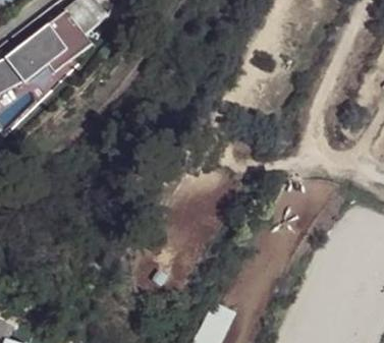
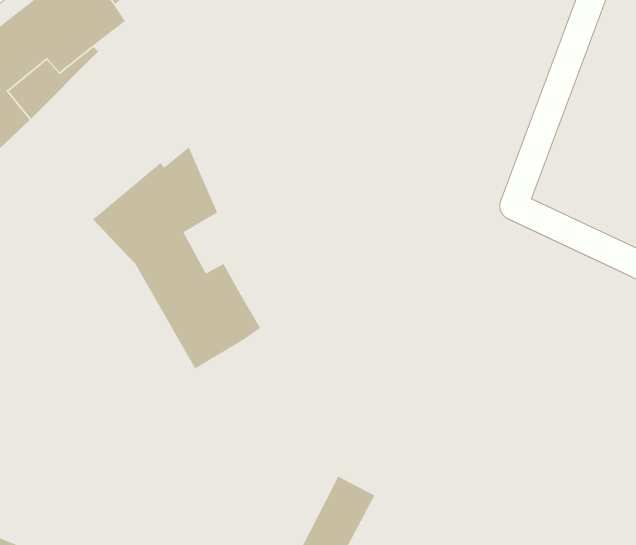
building: none -> [92,146,261,370]

